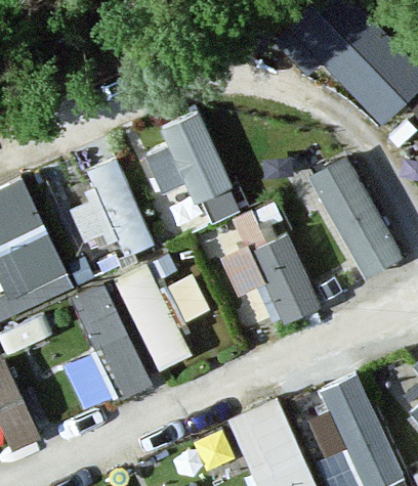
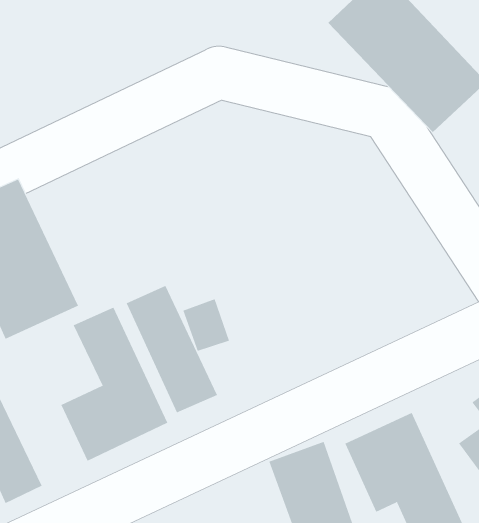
building: [140,113,241,225] -> none
building: [305,156,402,279] -> none
building: [69,170,154,268] -> none
building: [223,232,318,325] -> none

